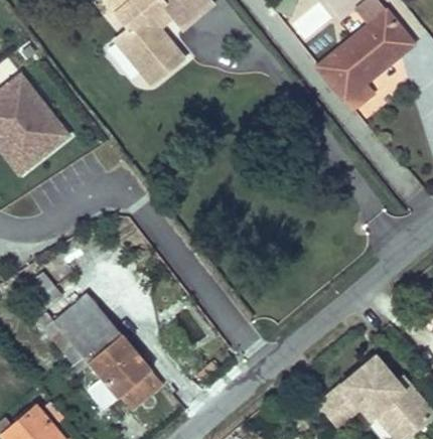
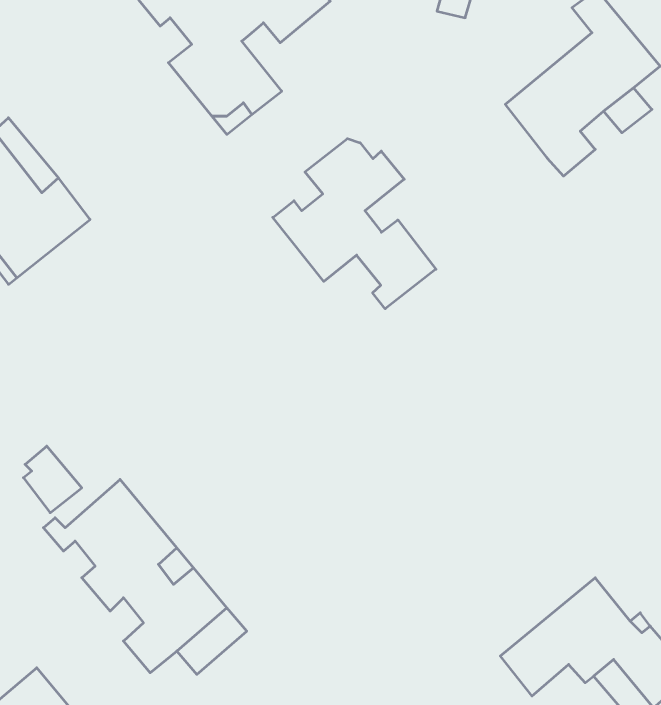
building: none -> [273,139,436,309]

